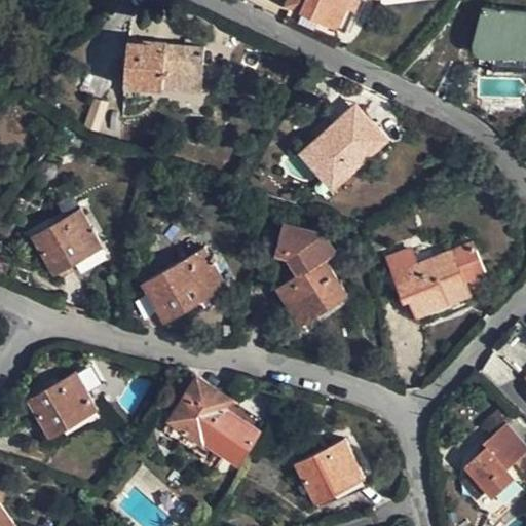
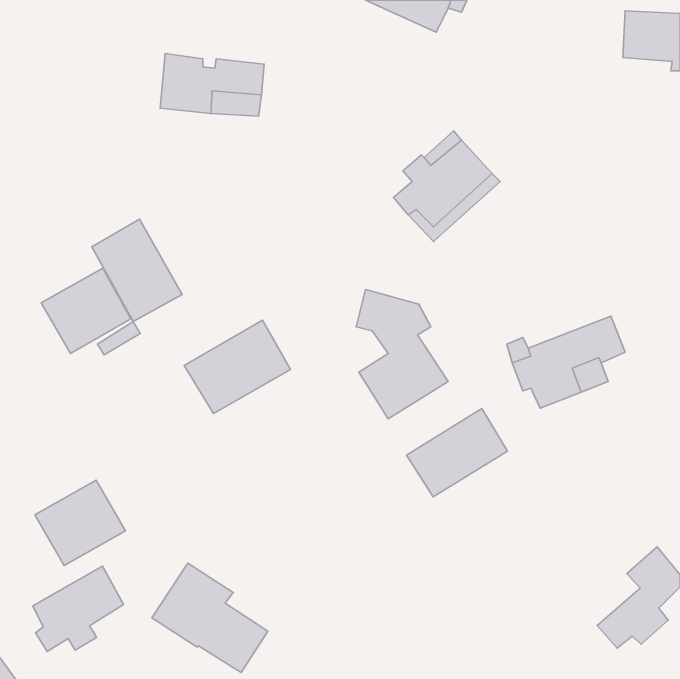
building: none -> [92,219,182,321]
building: none -> [407,408,507,497]
building: [167,379,257,463] -> [152,563,268,673]
building: none -> [33,566,124,651]
building: [296,442,361,502] -> none

